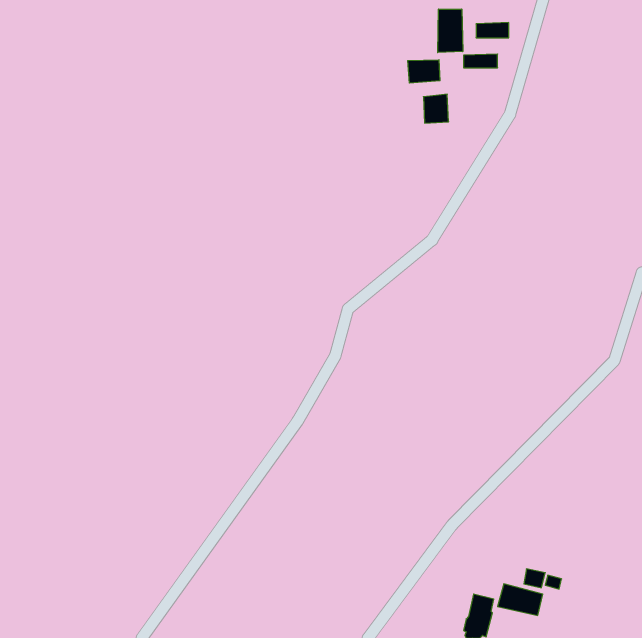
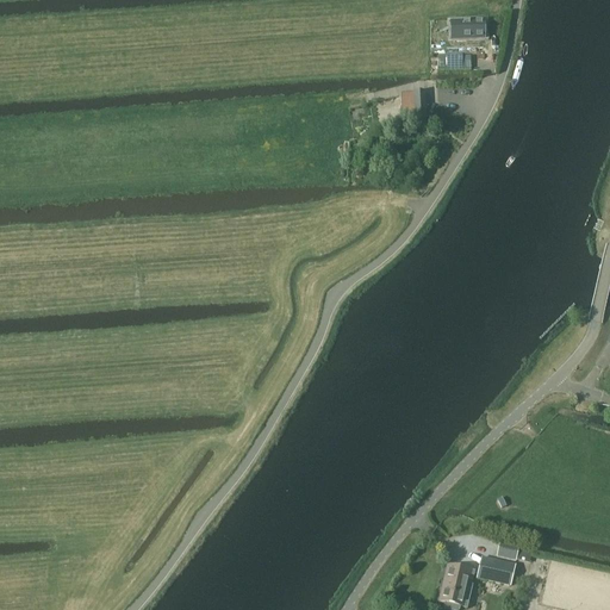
building: [438,9,463,53] -> none
building: [408,60,440,83] -> none

